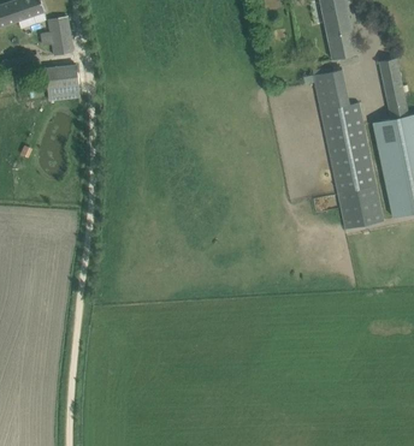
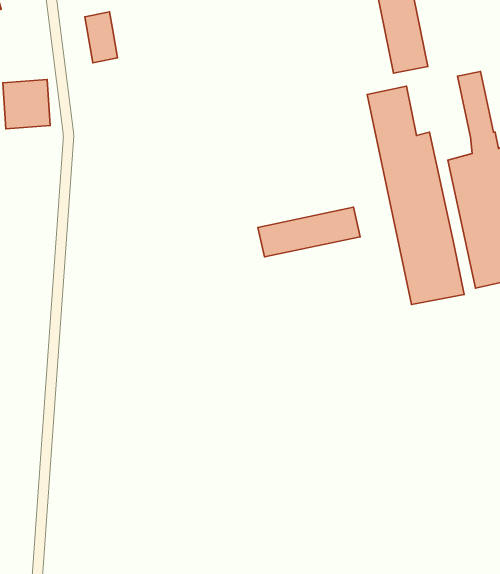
building: [48,17,72,54] -> [85,12,118,63]
building: none -> [258,207,360,257]

